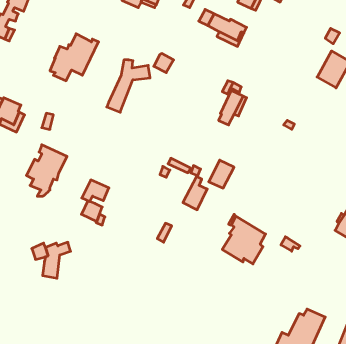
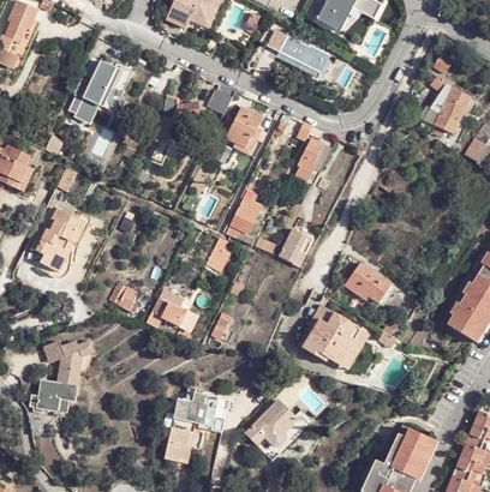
building: none -> [223,107,262,148]
building: [183,176,207,210] -> [229,190,262,234]
building: [82,180,109,202] -> [147,298,183,326]
building: none -> [343,263,393,305]
building: none -> [30,380,77,413]
building: none -> [165,398,227,462]
building: none -> [245,400,298,446]

